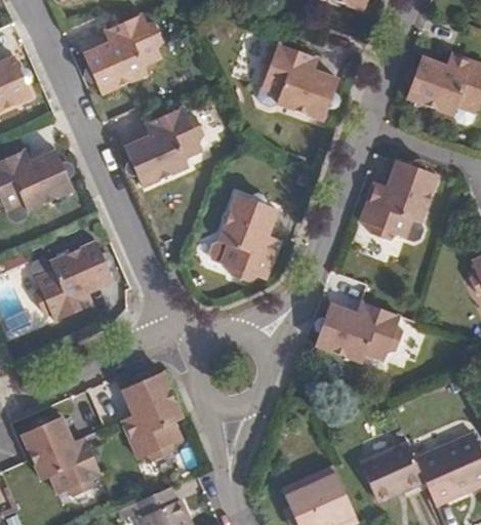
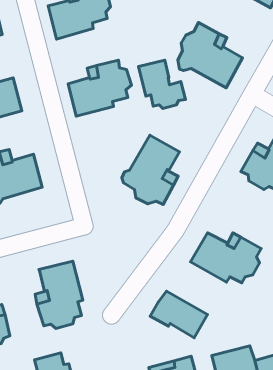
building: none -> [139,60,185,108]
building: none -> [150,291,208,338]

